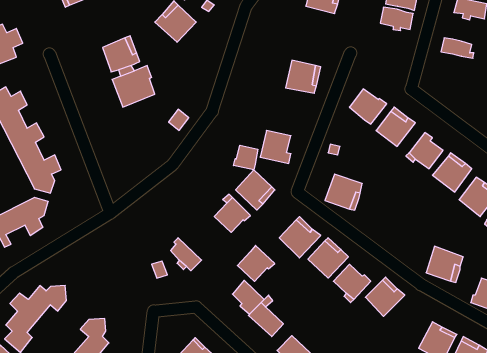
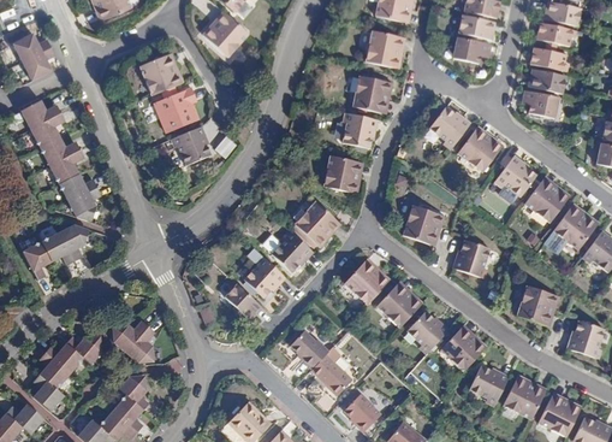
building: none -> [535,28,575,51]
building: none -> [366,33,400,70]
building: none -> [453,41,492,67]
building: none -> [525,71,563,98]
building: none -> [521,95,557,122]
building: none -> [343,116,376,148]
building: none -> [177,123,212,163]
building: [234,145,258,170] -> none
building: none -> [447,243,485,279]
building: [237,245,275,281] -> [243,258,285,299]
building: none -> [115,317,156,359]
building: none -> [468,363,509,401]

